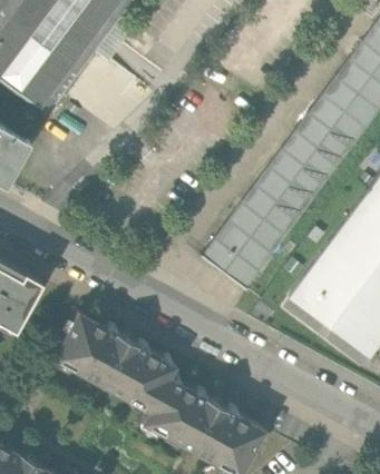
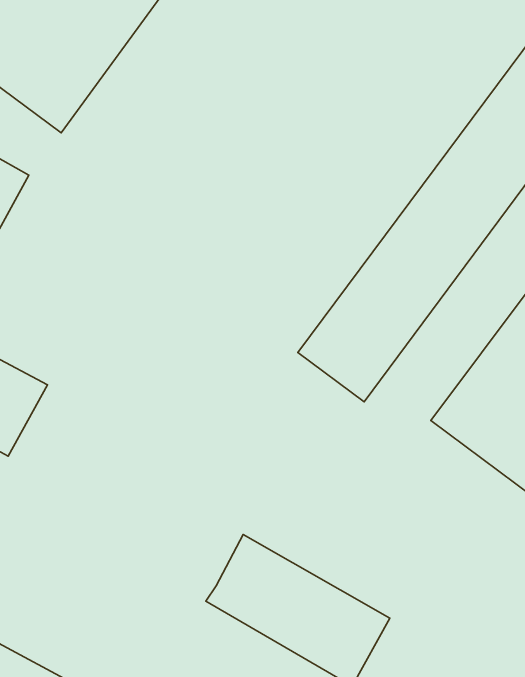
building: [51,308,174,408] -> none

